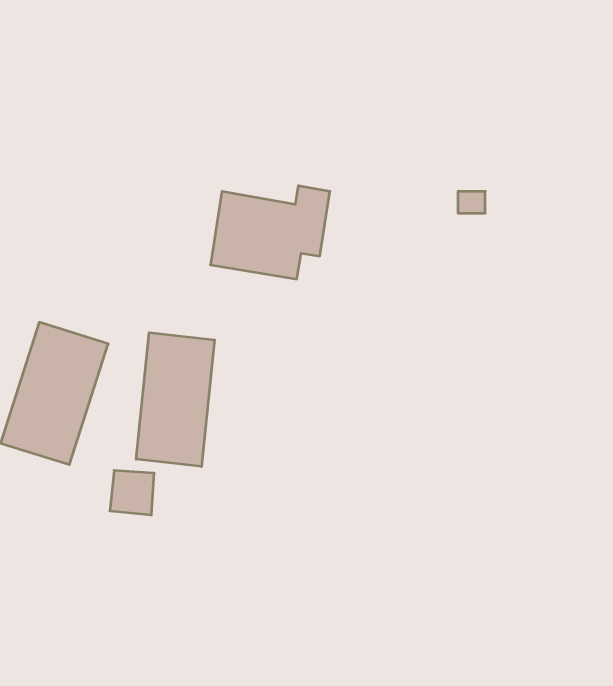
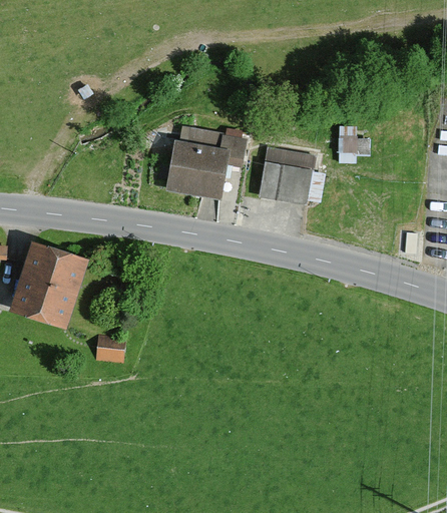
building: none -> [254,143,324,205]
building: [136,333,215,467] -> none

